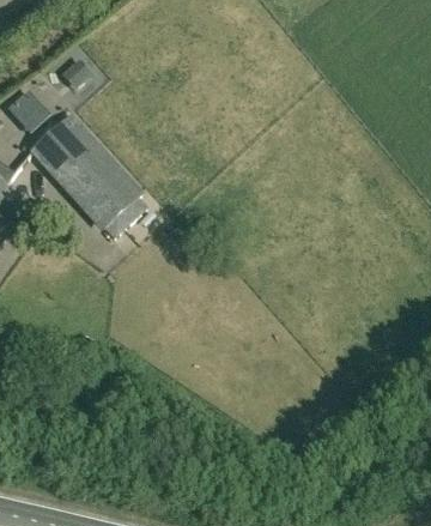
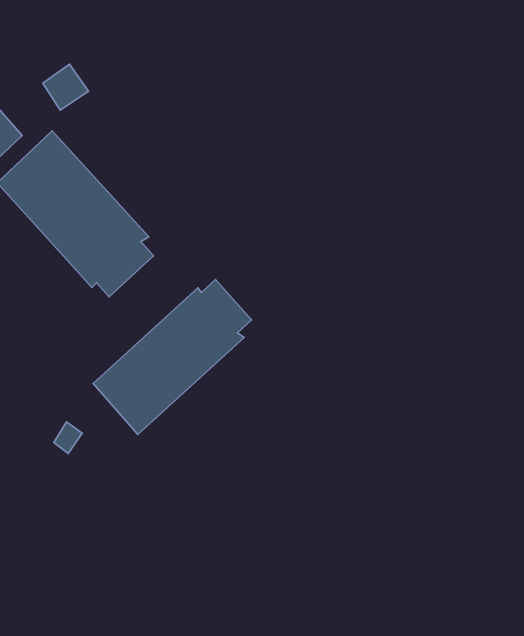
building: none -> [93,280,251,434]

